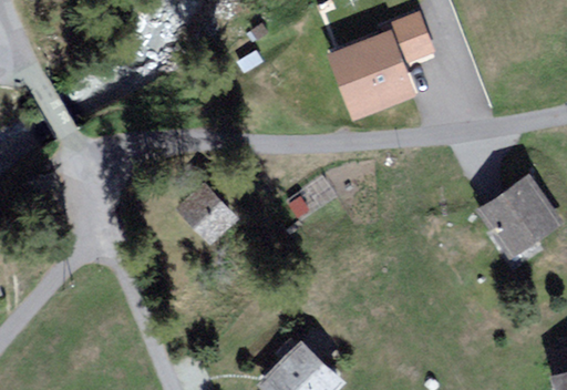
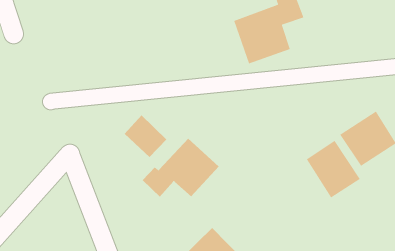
building: none -> [142,138,220,198]
building: none -> [306,140,361,199]

